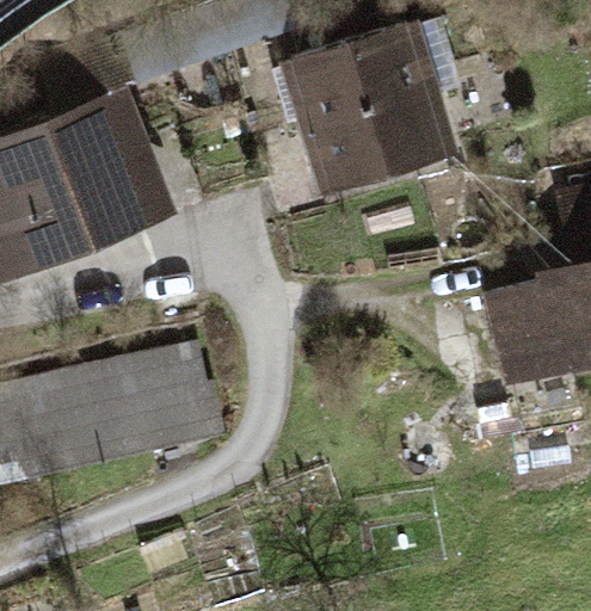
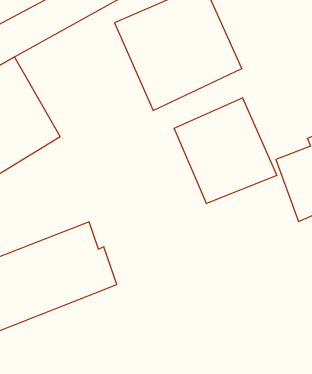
building: none -> [174,98,277,204]

